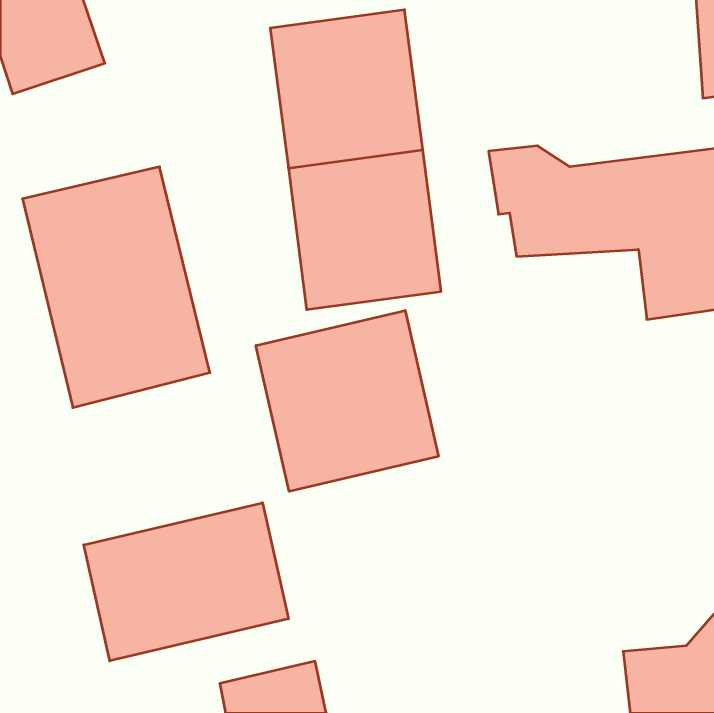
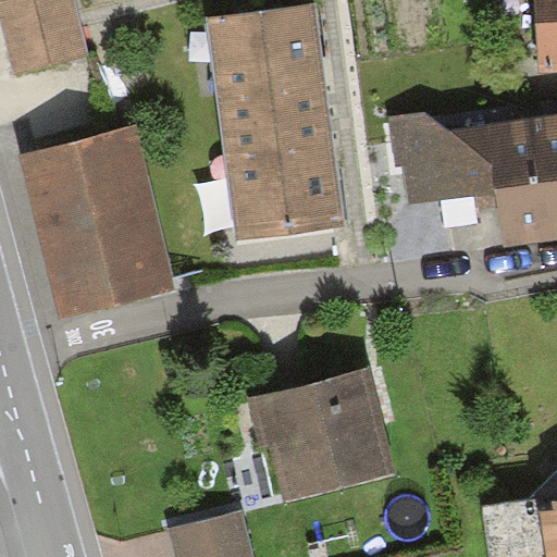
building: [256,310,438,491] -> none
building: none -> [253,373,393,496]
building: [84,503,288,661] -> none

